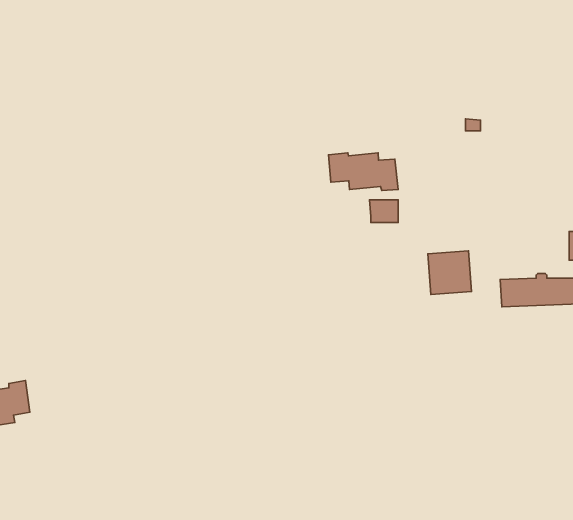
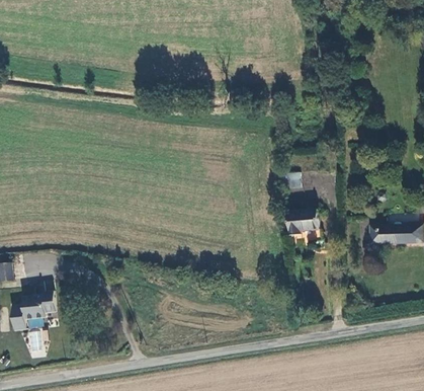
building: [328,153,398,191] -> none
building: [428,251,471,294] -> [288,205,318,234]

